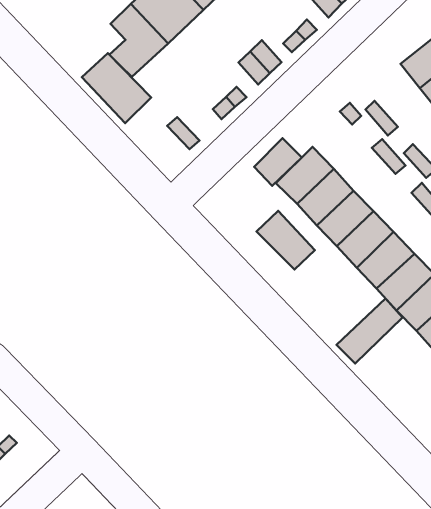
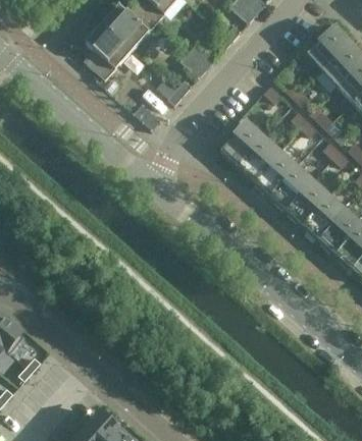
building: [82,53,151,123] -> none
building: [254,138,302,186] -> none
building: [256,211,315,269] -> none
building: [337,298,403,364] -> none

